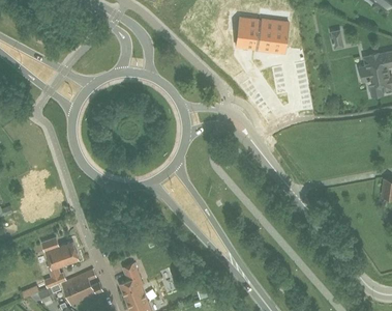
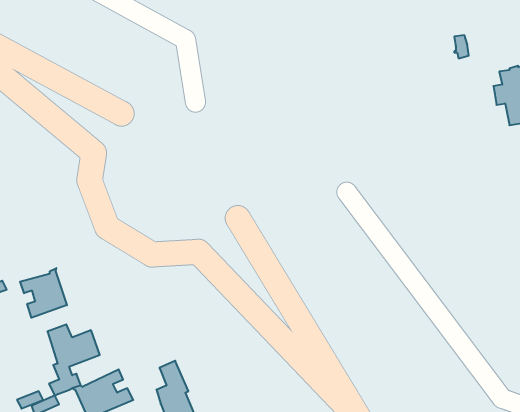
building: [236,16,288,50] -> none
building: none -> [20,268,67,318]

